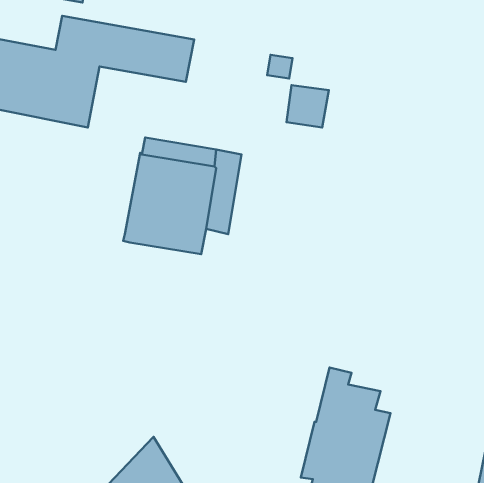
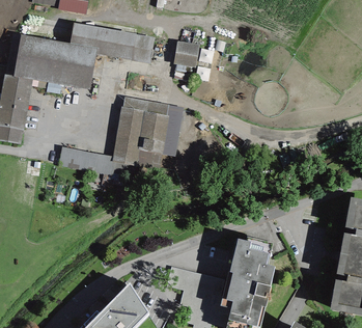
building: [287,85,329,127] -> [173,42,199,67]
building: none -> [58,147,115,176]

